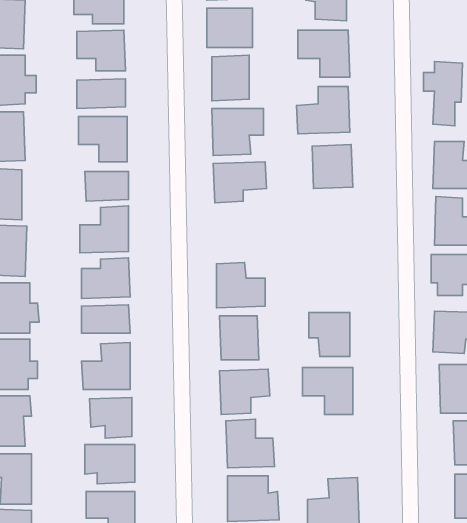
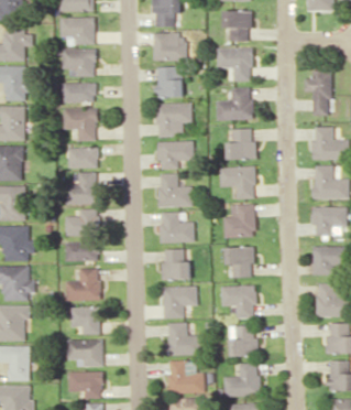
building: none -> [219,165,256,199]
building: none -> [157,173,193,207]
building: none -> [223,204,255,238]
building: none -> [230,325,259,356]

